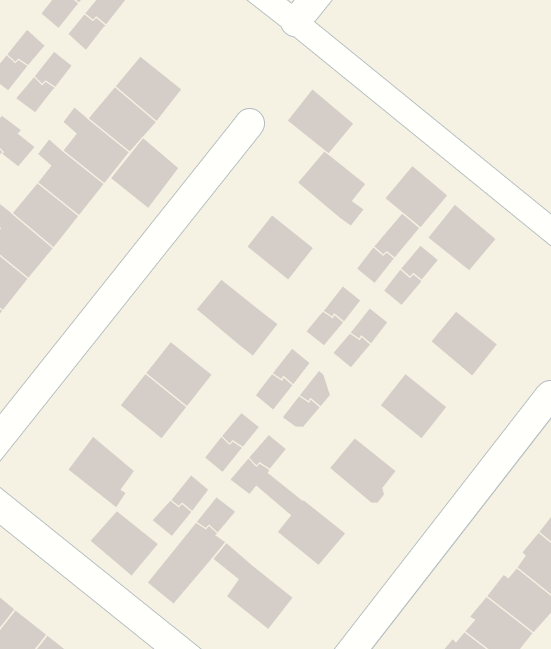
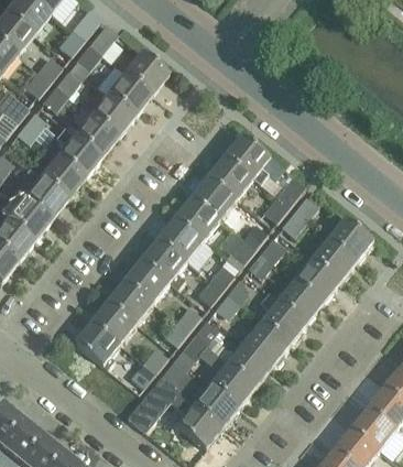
building: none -> [123,52,167,96]
building: [287,88,354,154] -> [209,156,253,199]
building: [110,137,179,209] -> none
building: [385,165,448,228] -> none
building: [427,204,497,271] -> [329,218,374,262]
building: none -> [176,198,220,241]
building: none -> [143,239,187,289]
building: none -> [296,260,340,303]
building: none -> [261,293,307,345]
building: none -> [230,343,274,385]
building: [90,511,159,576] -> [92,302,138,345]
building: none -> [196,384,240,427]

